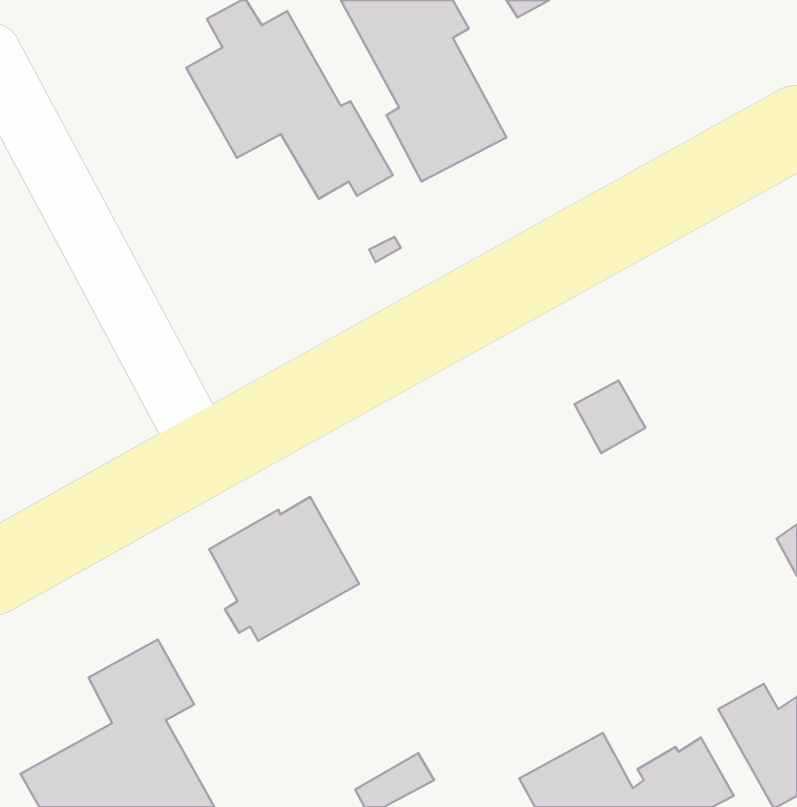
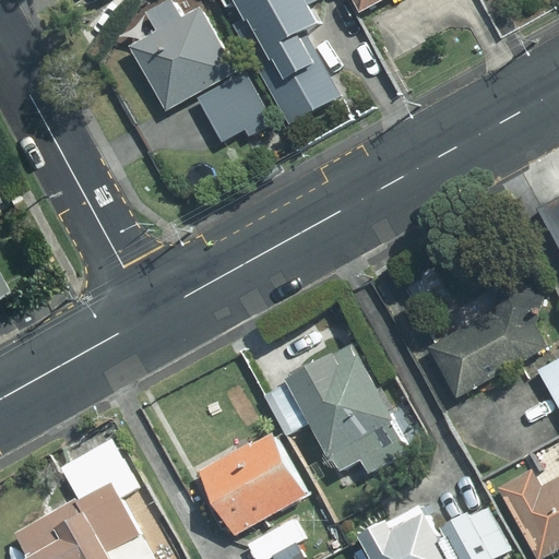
building: none -> [429,281,545,396]
building: [209,497,359,641] -> [199,436,302,535]
building: none -> [264,348,406,474]

